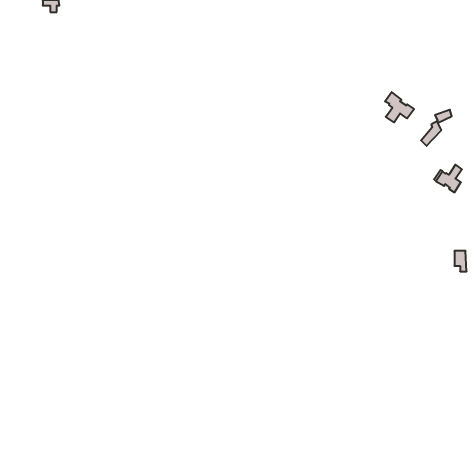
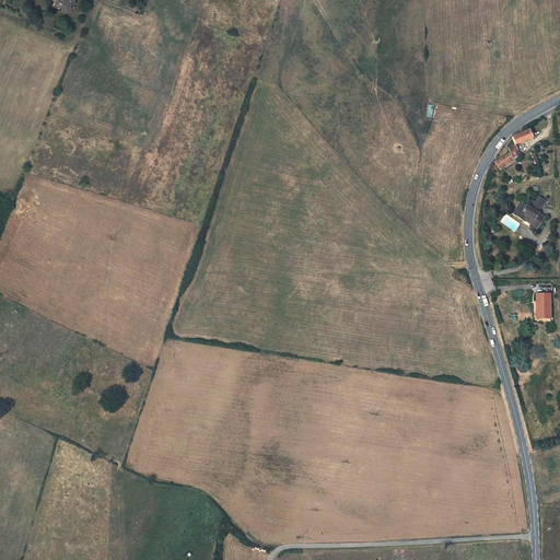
building: [385,92,414,122] -> none

